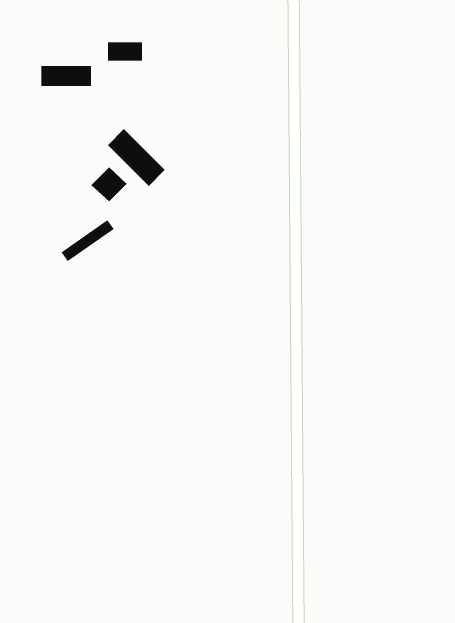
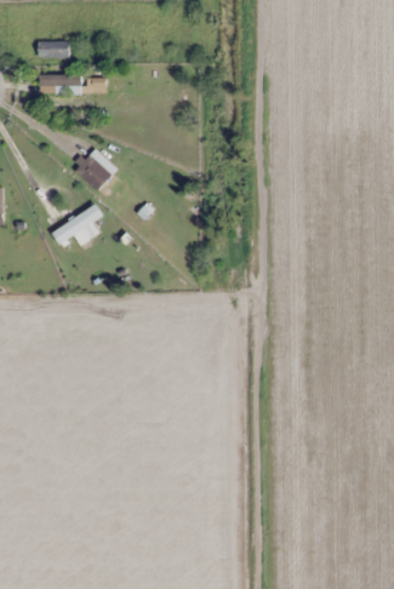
building: [107,42,143,62] -> [39,40,69,57]
building: [107,128,166,187] -> none

